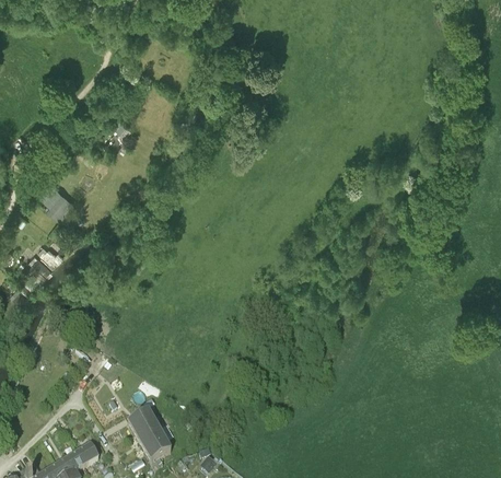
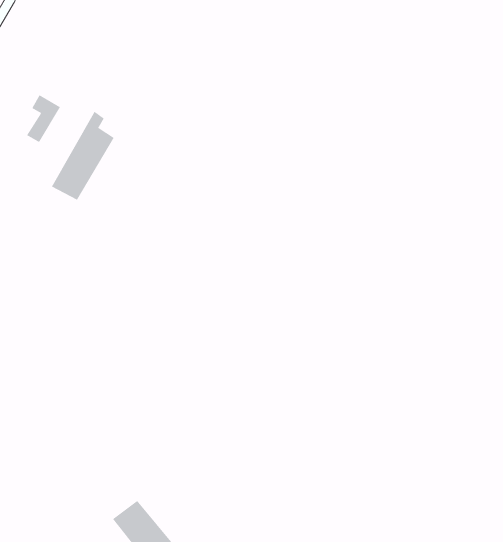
building: none -> [51,111,115,201]

